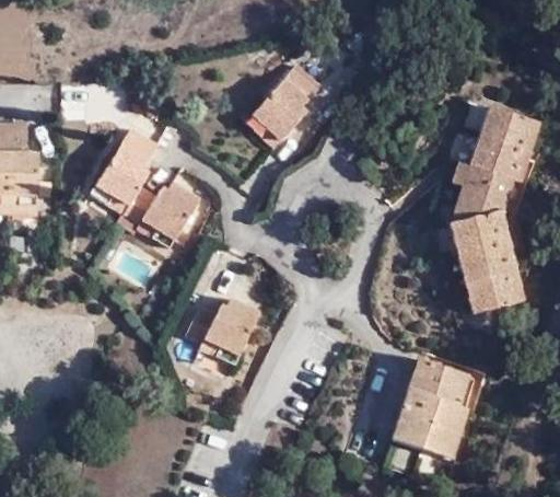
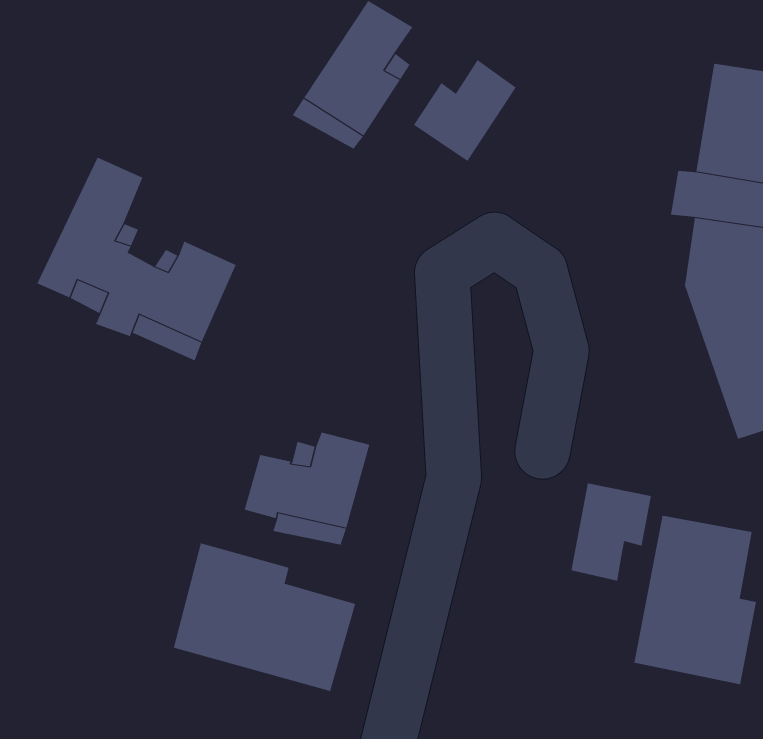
building: none -> [413,59,517,162]
building: none -> [571,482,652,581]
building: none -> [173,543,356,692]

